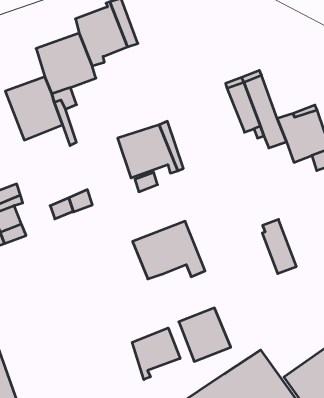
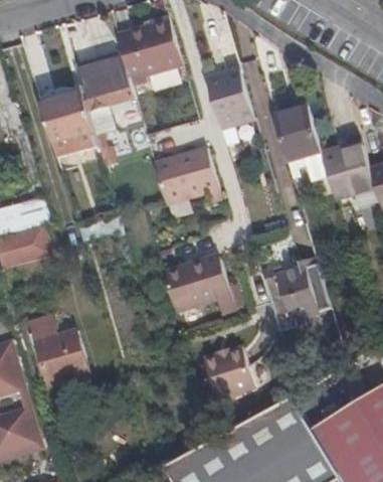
building: none -> [208,76,252,135]
building: none -> [263,272,311,335]
building: none -> [31,316,91,385]
building: [132,328,180,380] -> none

